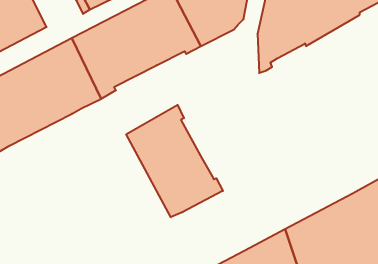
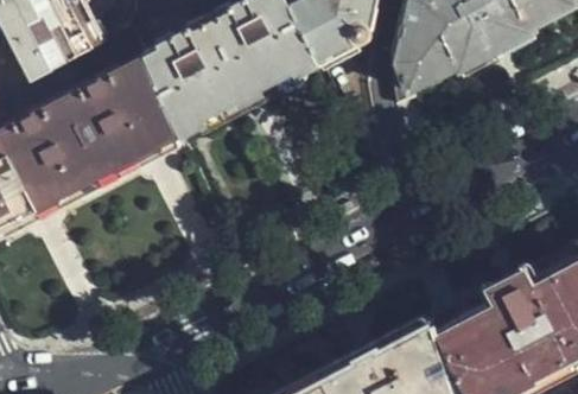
building: [126,105,223,217] -> none

